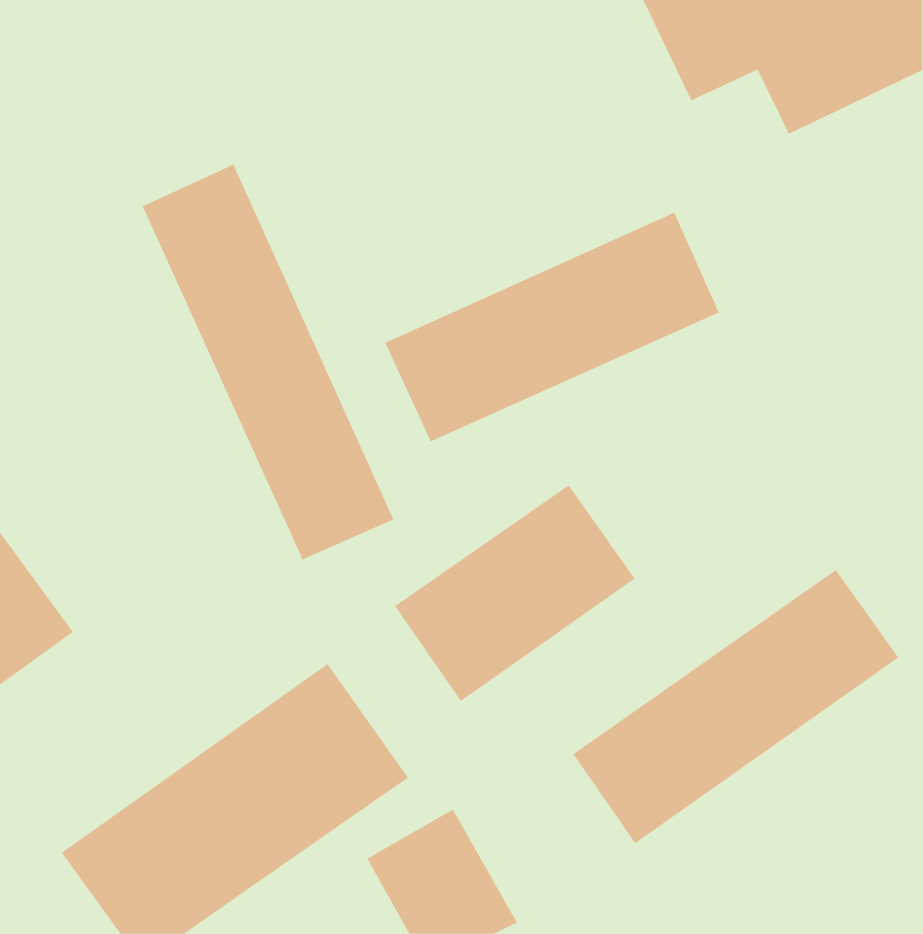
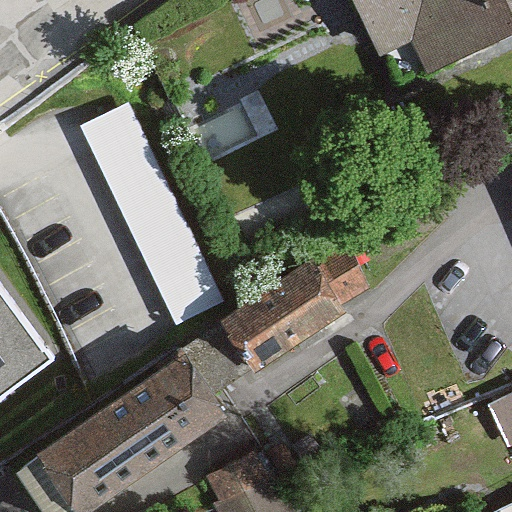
building: [385,212,719,442] -> none
building: [572,569,899,844] -> none

